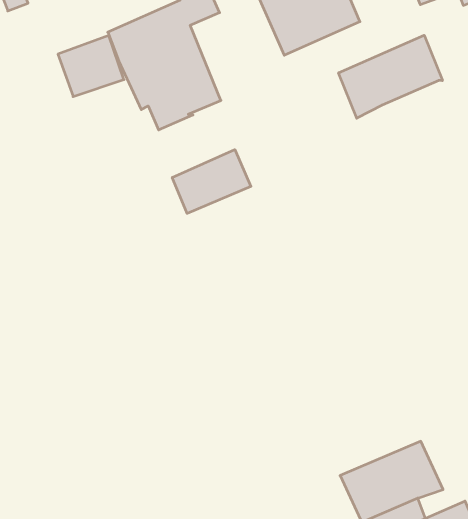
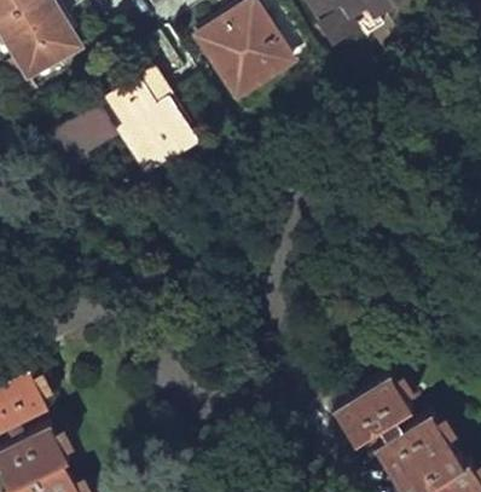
building: [339,35,442,118] -> none
building: [172,150,251,213] -> none

